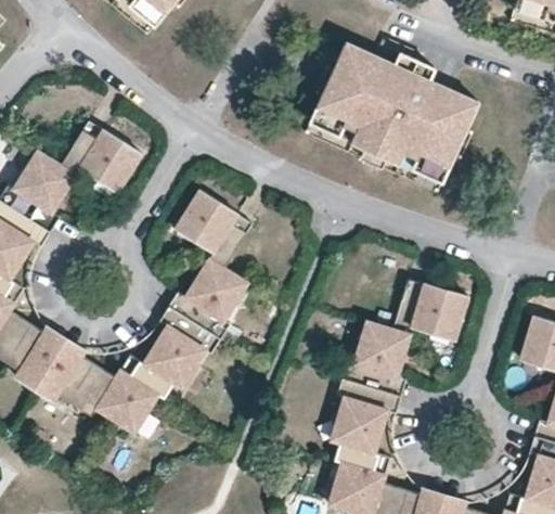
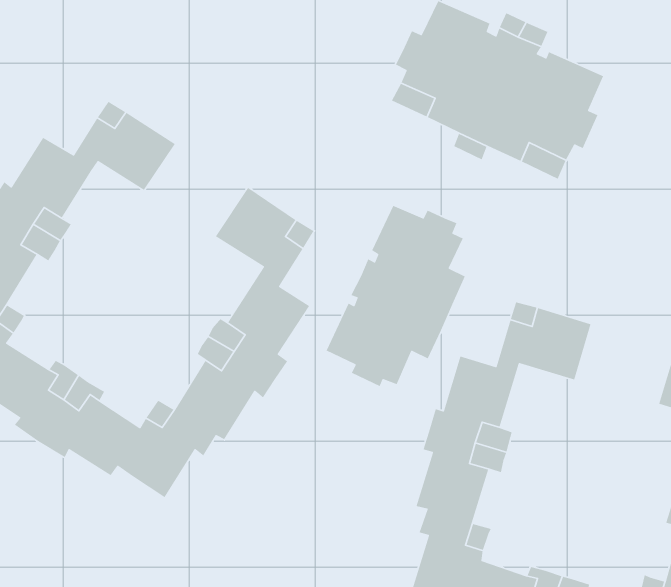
building: none -> [325,205,466,387]

